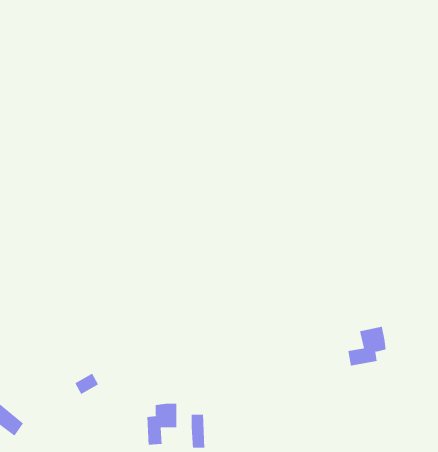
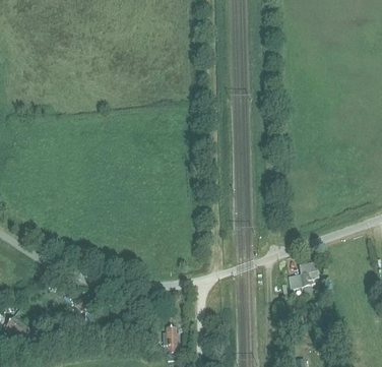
building: [147,403,177,445] -> none

